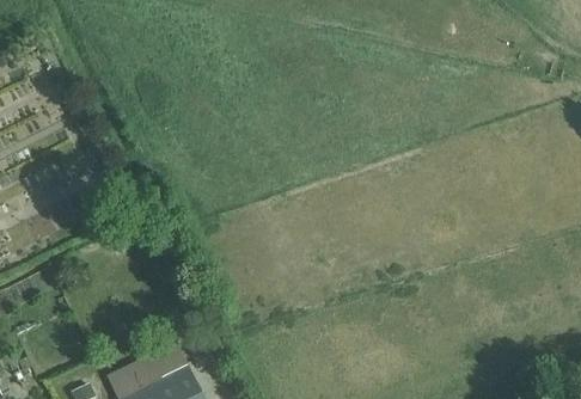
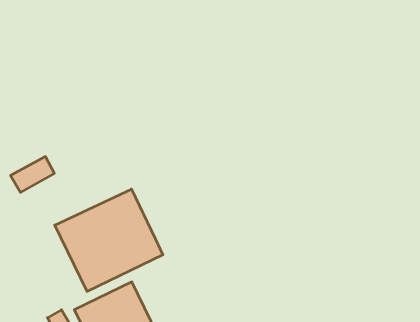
building: none -> [55,189,163,291]

